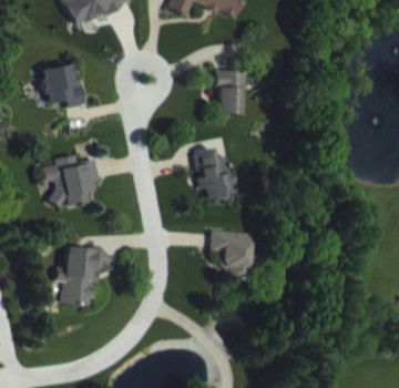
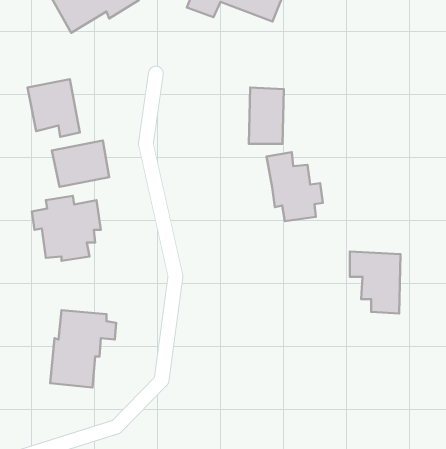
building: none -> [52,141,109,187]
building: [192,146,236,201] -> [267,152,323,221]
building: [209,231,249,279] -> [350,251,401,313]

